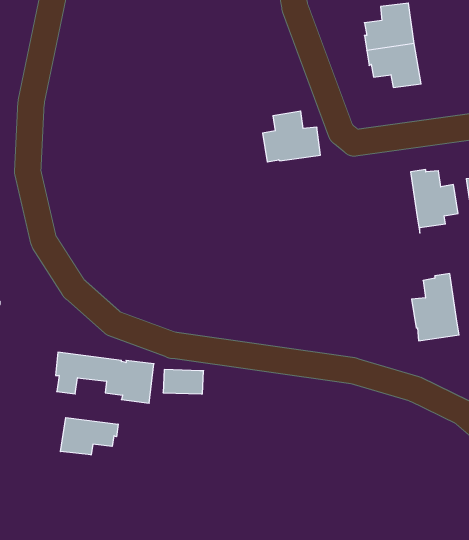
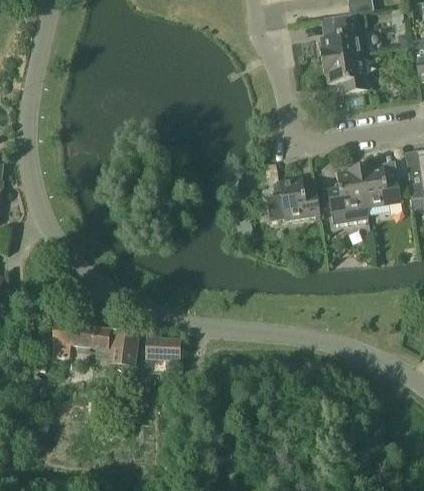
building: [263,111,320,162] -> [270,177,320,221]
building: [412,274,459,341] -> [327,166,368,224]
building: [60,418,118,455] -> none

